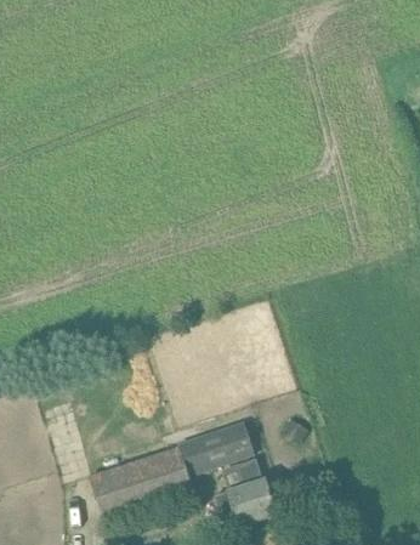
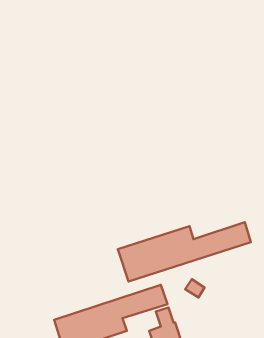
building: none -> [118,222,251,281]

